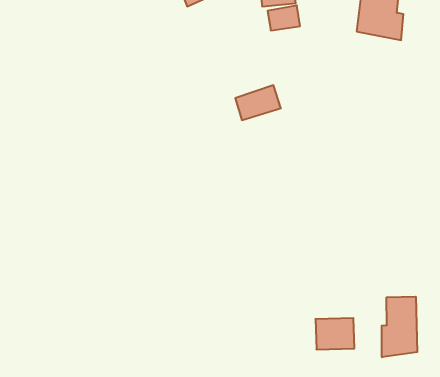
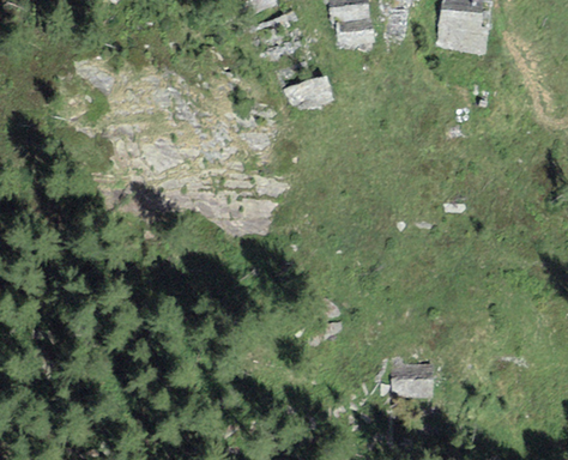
building: [235,85,281,120] -> [283,73,333,111]
building: [382,297,417,357] -> none

